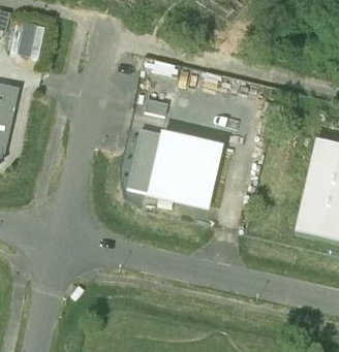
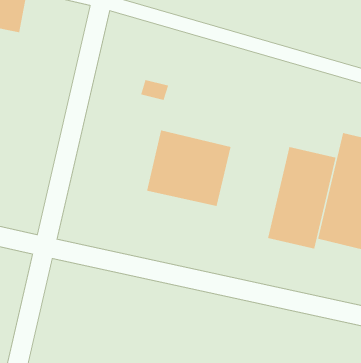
building: [128,129,162,192] -> none
building: none -> [267,146,337,249]

